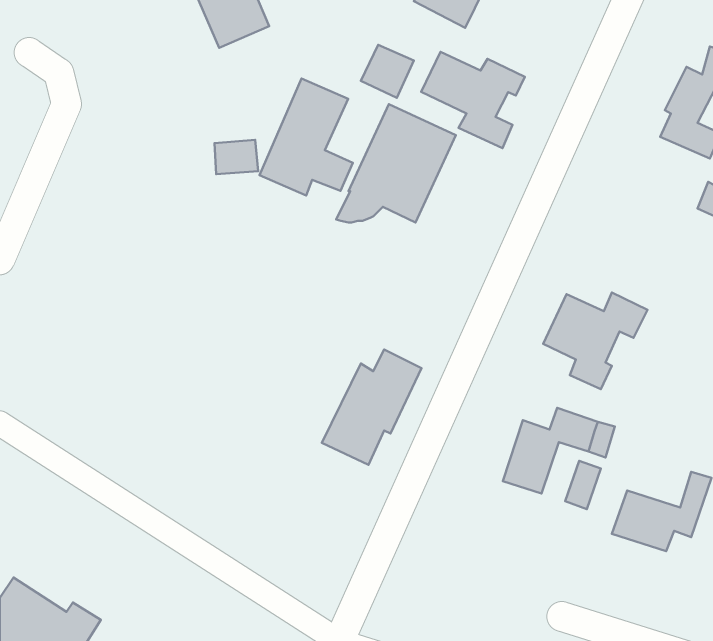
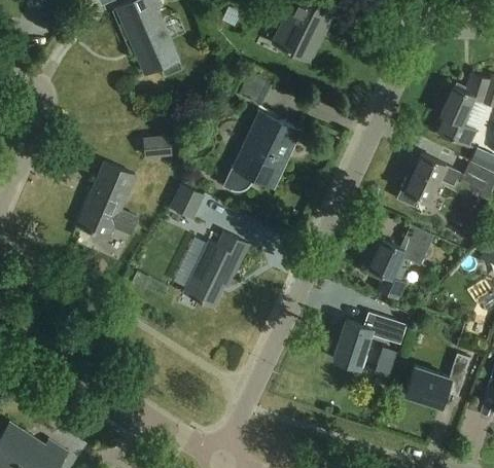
building: [421,52,525,148] -> none
building: [259,79,353,195] -> [76,161,138,239]
building: none -> [396,154,461,207]
building: none -> [170,184,204,218]
building: [322,349,422,465] -> [182,231,248,308]

